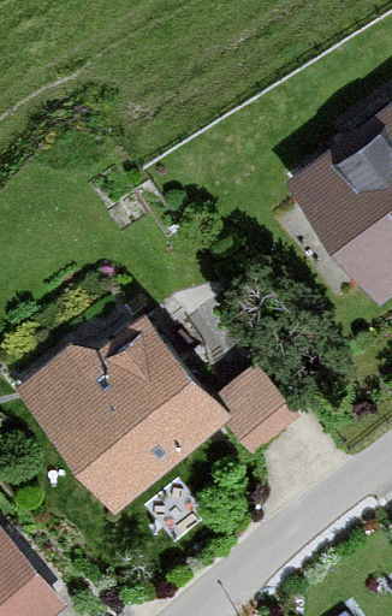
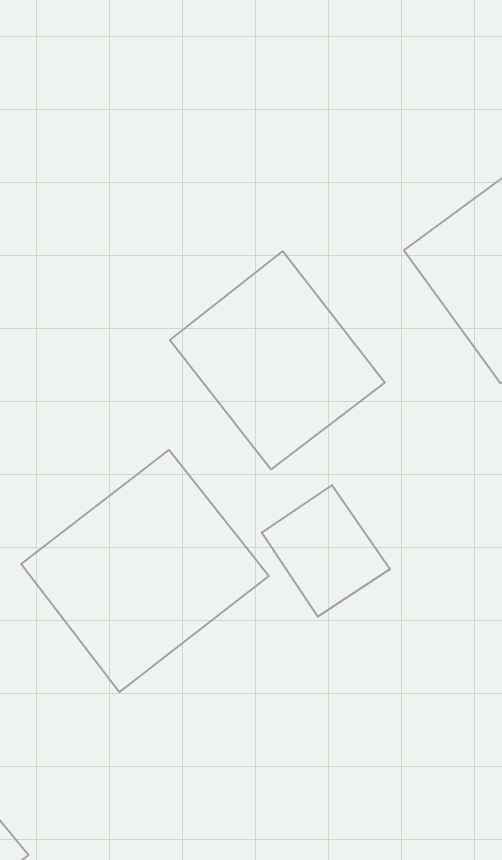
building: none -> [170,251,385,469]

